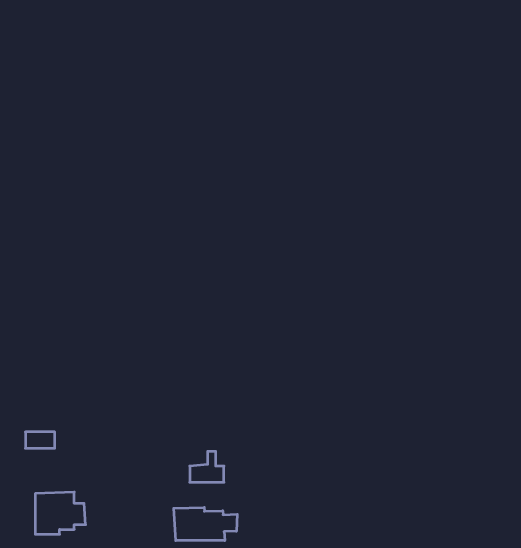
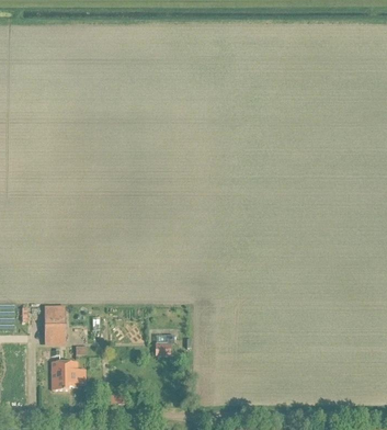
building: [174,507,237,541] -> none

